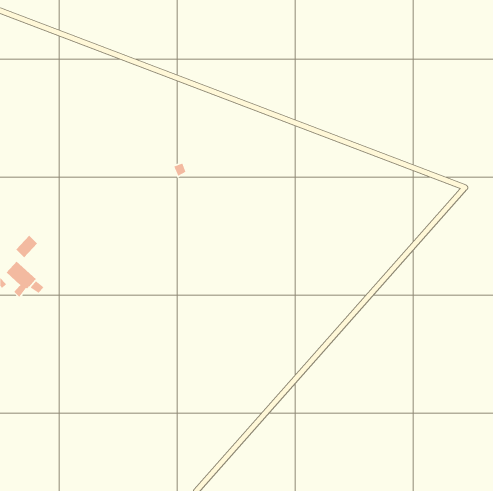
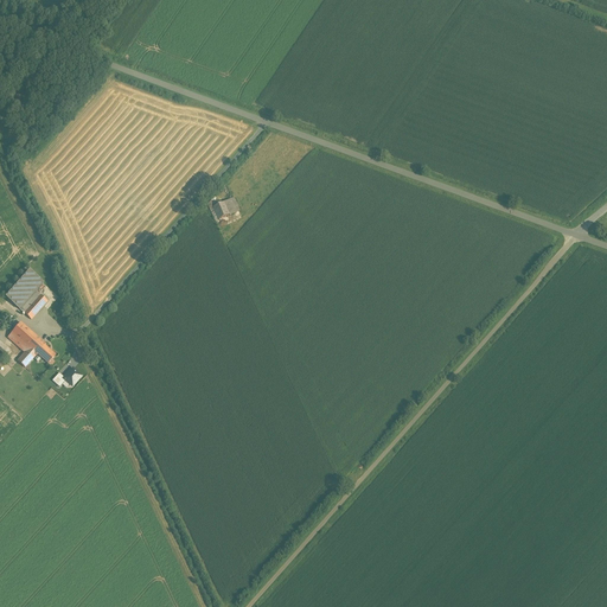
building: none -> [5,268,41,306]

